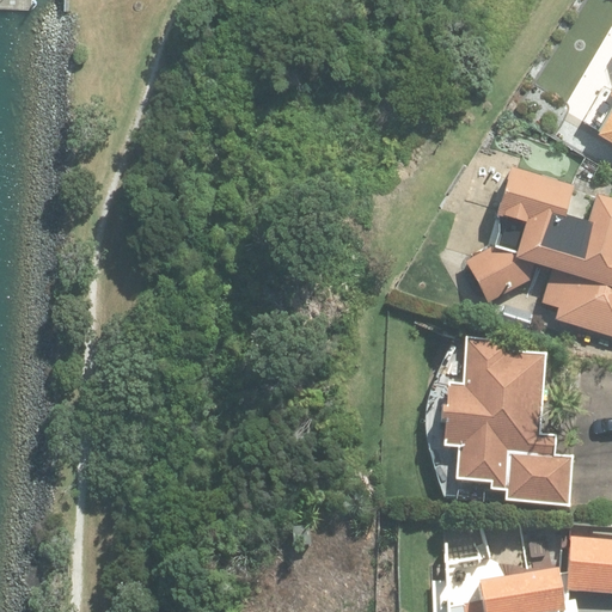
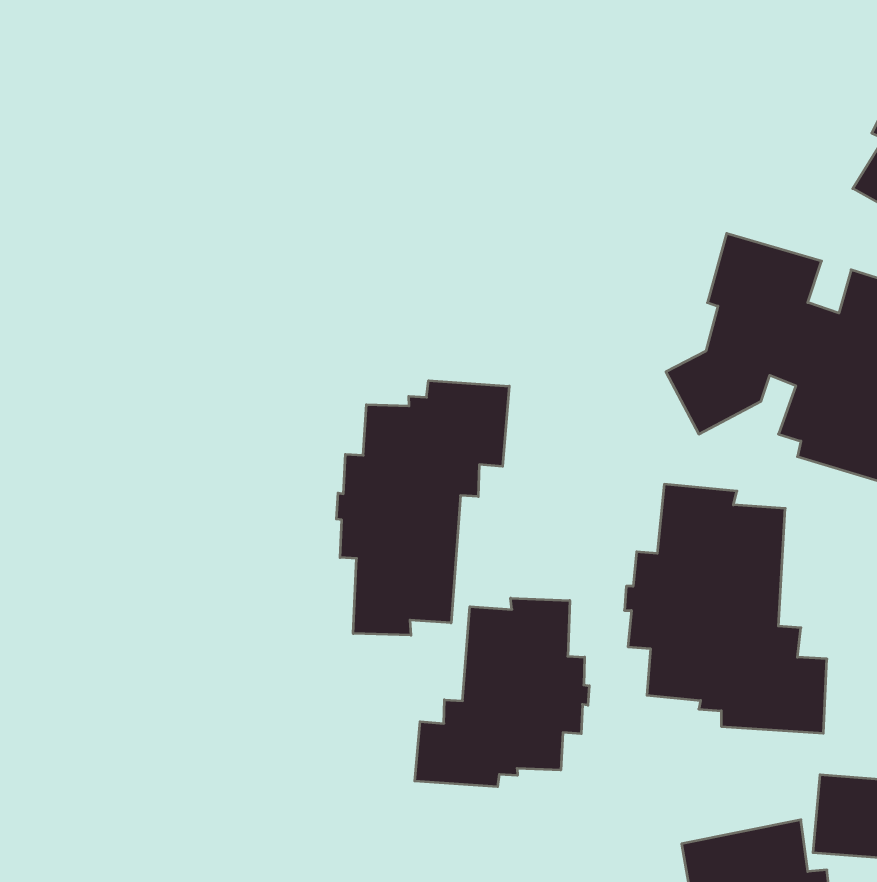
building: none -> [336,381,509,635]
building: none -> [415,598,589,787]

